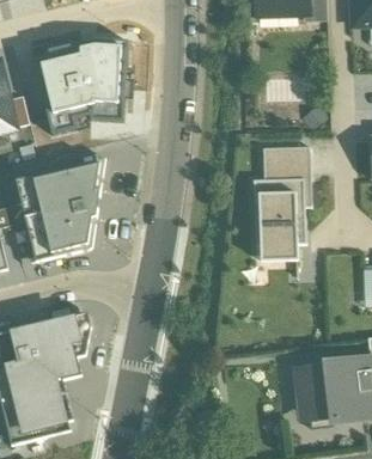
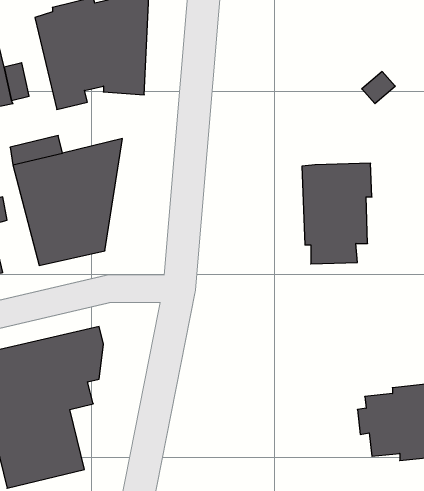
building: [261,146,307,179] -> none

